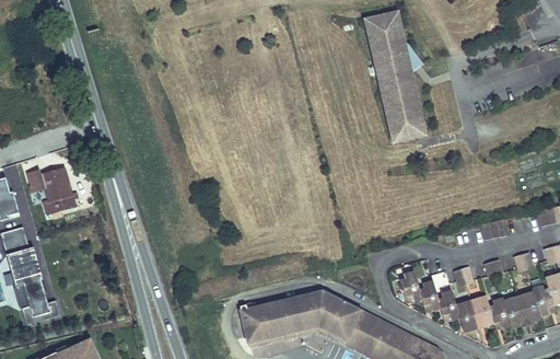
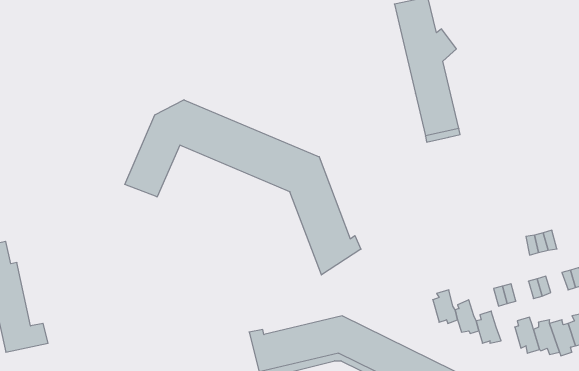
building: none -> [125,100,361,275]
building: [28,167,78,218] -> none
building: [454,299,476,332] -> none

